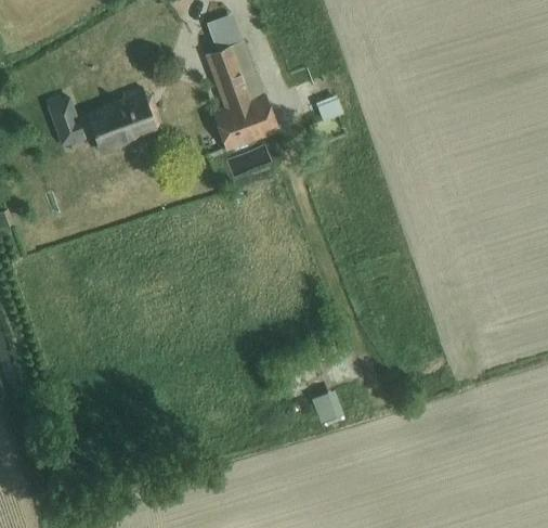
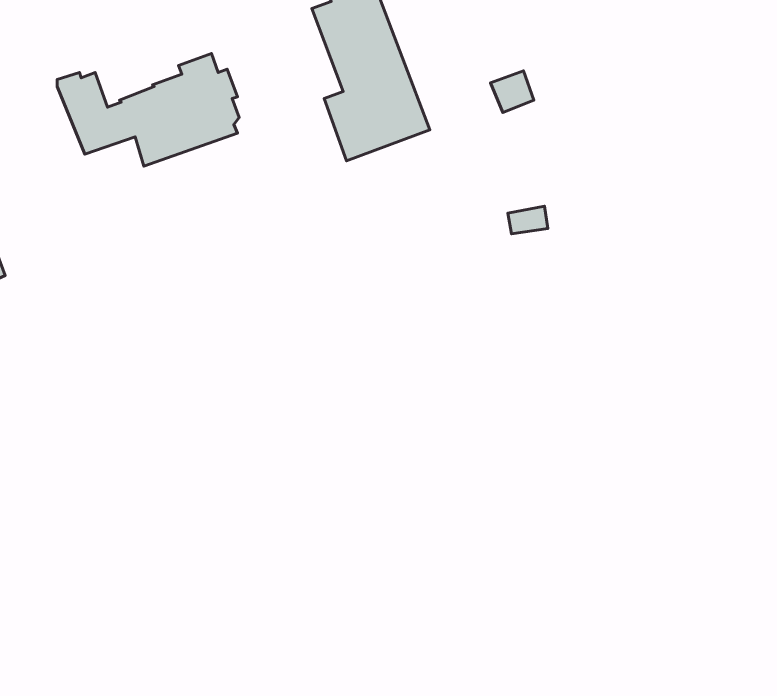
building: [231,141,276,172] -> none
building: [313,391,343,427] -> none

